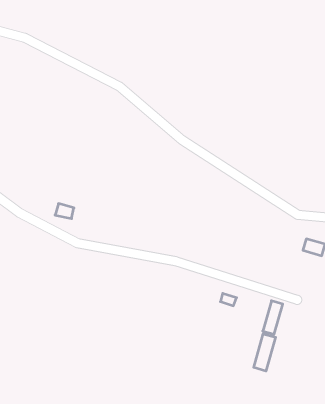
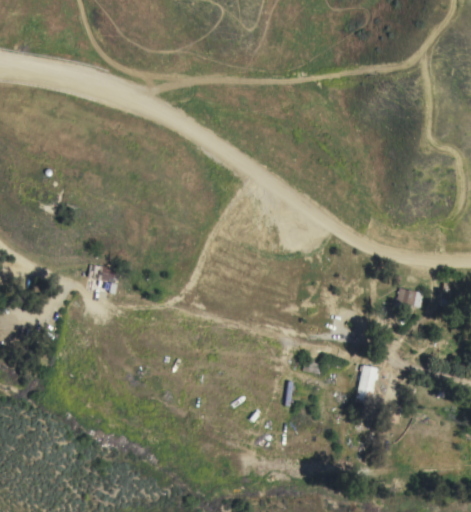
building: [254,334,276,371] -> none

